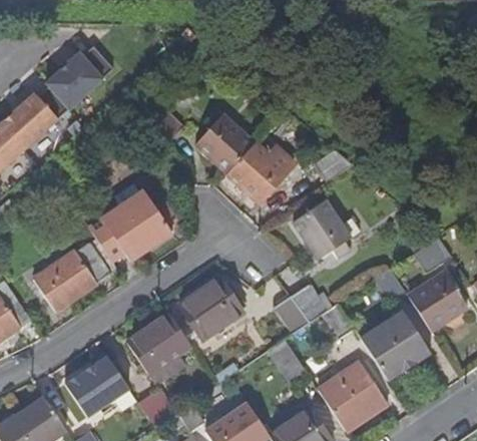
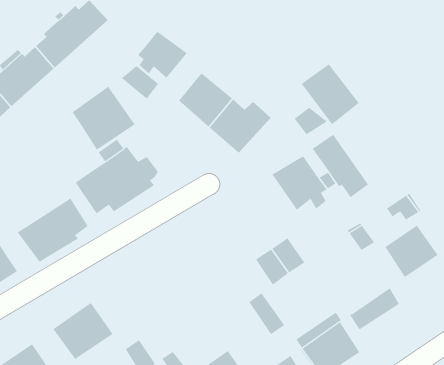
building: none -> [137,31,187,79]
building: none -> [301,64,360,125]
building: none -> [72,86,135,151]
building: none -> [312,134,369,198]
building: [178,277,243,337] -> none
building: [127,313,190,372] -> none
building: [360,314,418,366] -> none

